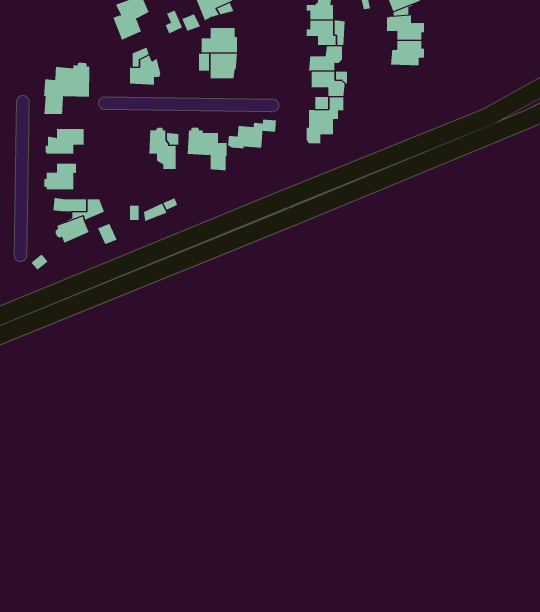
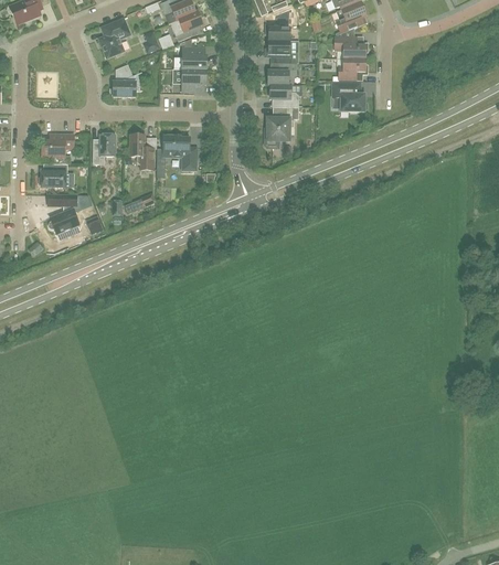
building: [44,62,90,115] -> none
building: none -> [332,82,368,110]
building: [228,119,277,149] -> none
building: none -> [93,131,115,163]

